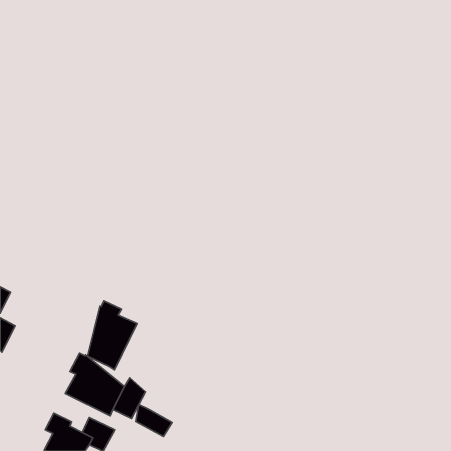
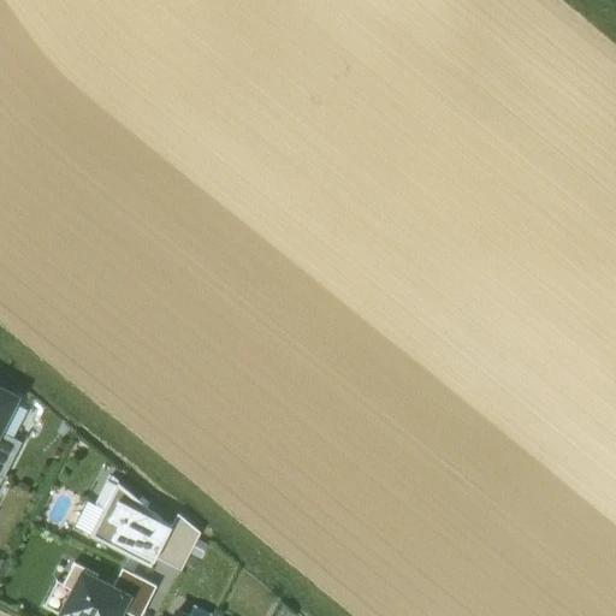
building: [87,301,137,370] -> none
building: [136,405,172,436] -> none

